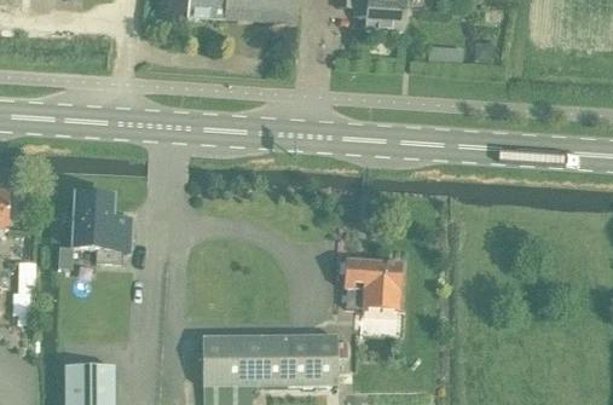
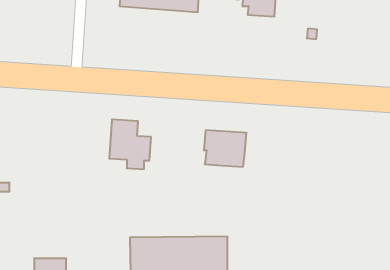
building: [71,192,129,261] -> [109,119,151,169]
building: [342,258,401,308] -> [204,130,247,167]

